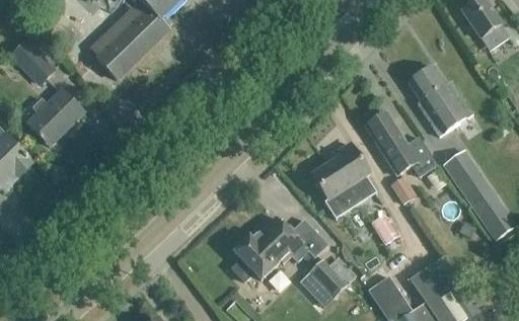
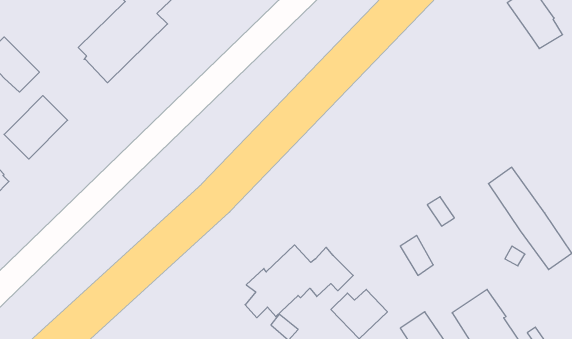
building: [409,65,473,135] -> none
building: [365,113,438,176] -> none
building: [312,144,371,211] -> none

